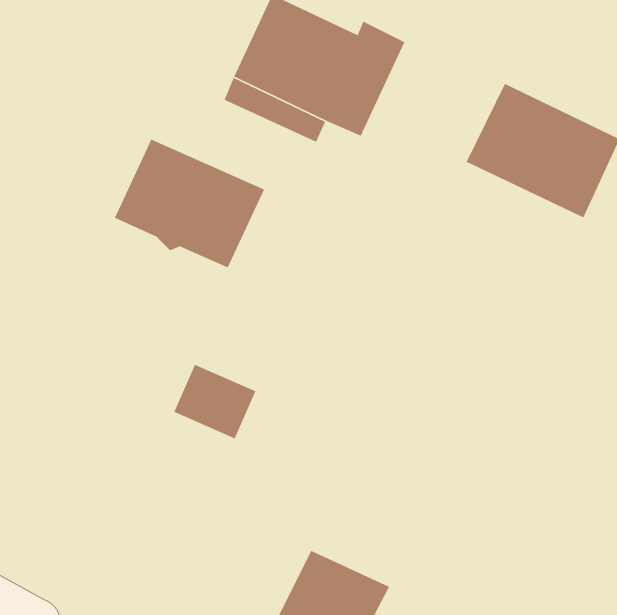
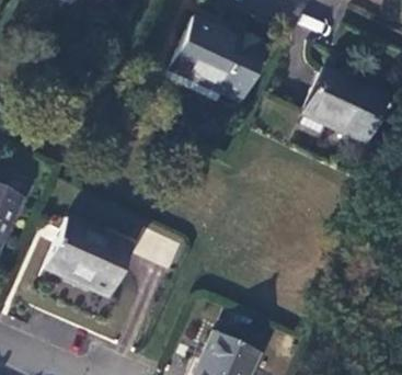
building: [114,139,265,268] -> [46,217,131,291]

